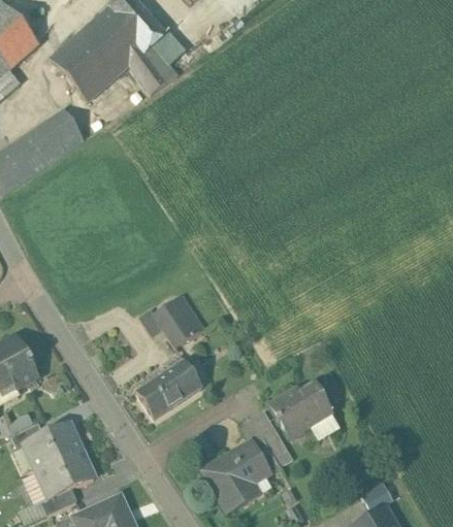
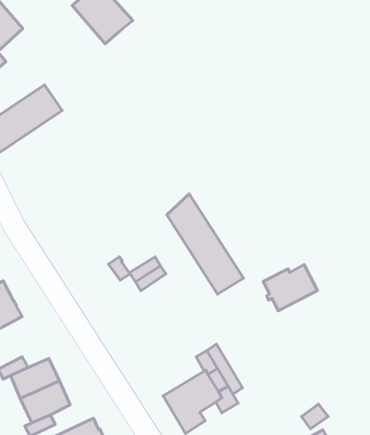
building: [51,17,177,100] -> none
building: none -> [167,194,244,294]
building: [153,293,192,326] -> none
building: [136,360,202,418] -> none
building: [270,384,333,437] -> [263,264,318,311]

